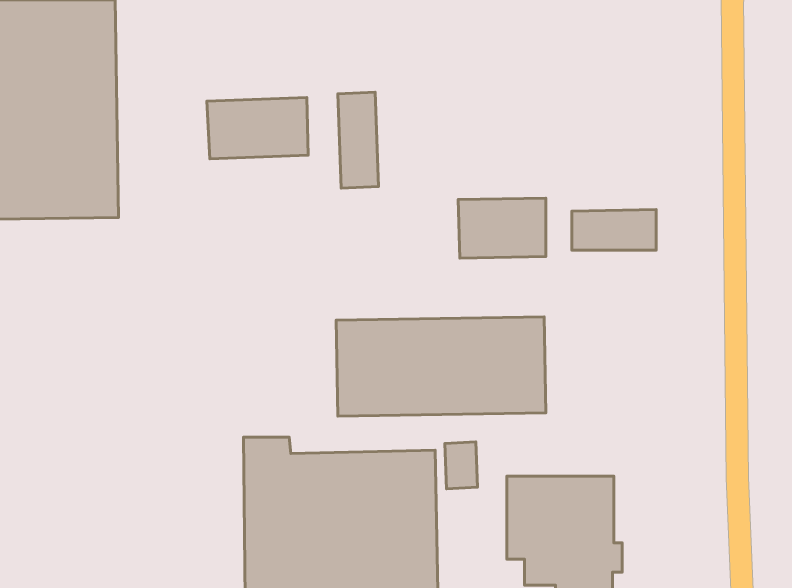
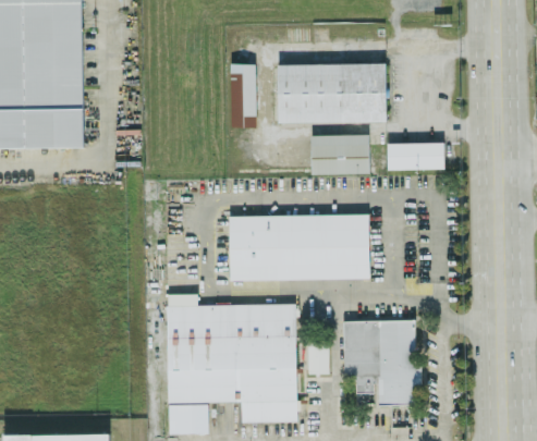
building: none -> [277,63,387,124]
building: [207,98,308,159] -> none
building: [445,442,477,489] -> [307,343,329,375]

